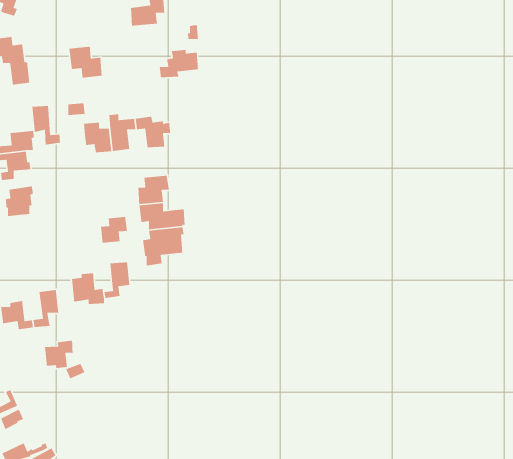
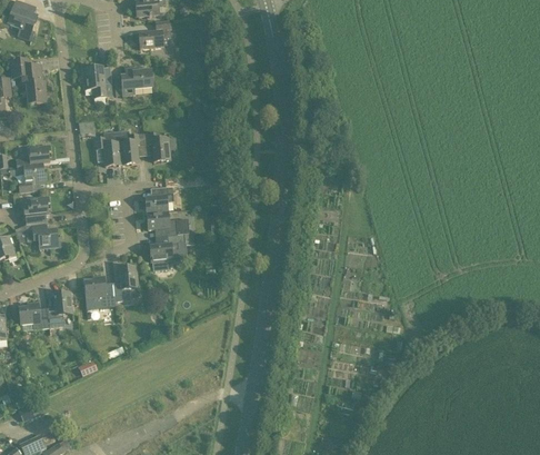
building: [159,49,199,78] -> [114,68,151,95]
building: [31,105,61,145] -> none
building: none -> [24,222,60,248]
building: [100,216,128,244] -> none
building: [44,340,74,369] -> none

